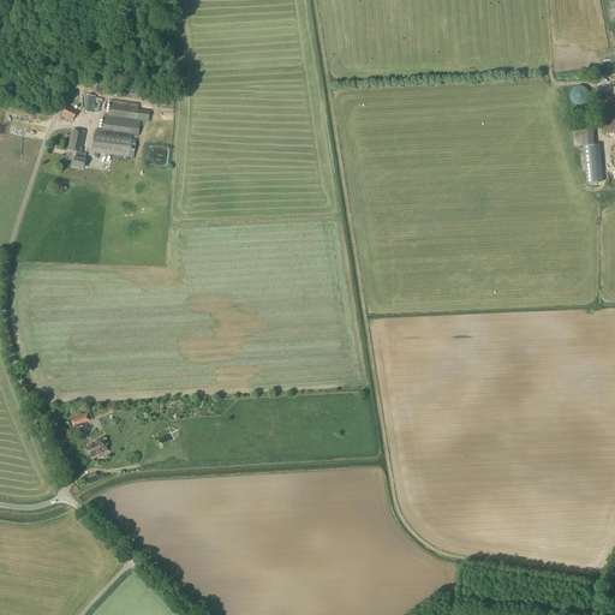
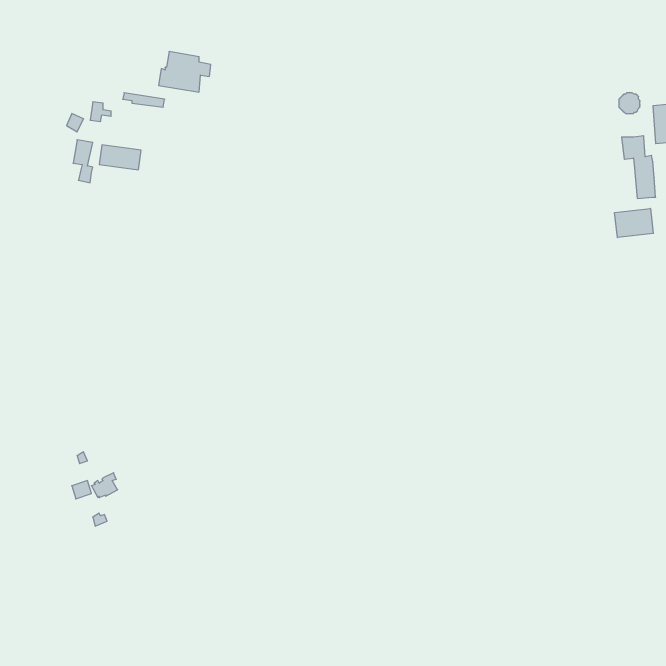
building: [102,98,150,136] -> [159,52,211,92]
building: none -> [615,208,653,238]

